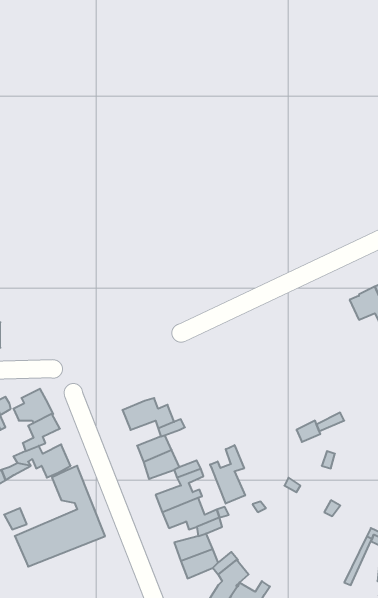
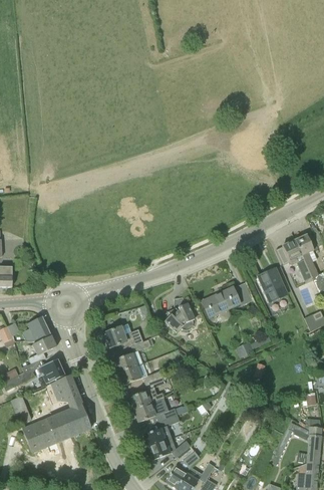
building: none -> [257,267,287,302]
building: none -> [202,287,240,317]
building: none -> [165,302,194,332]
building: [210,445,245,504] -> none

